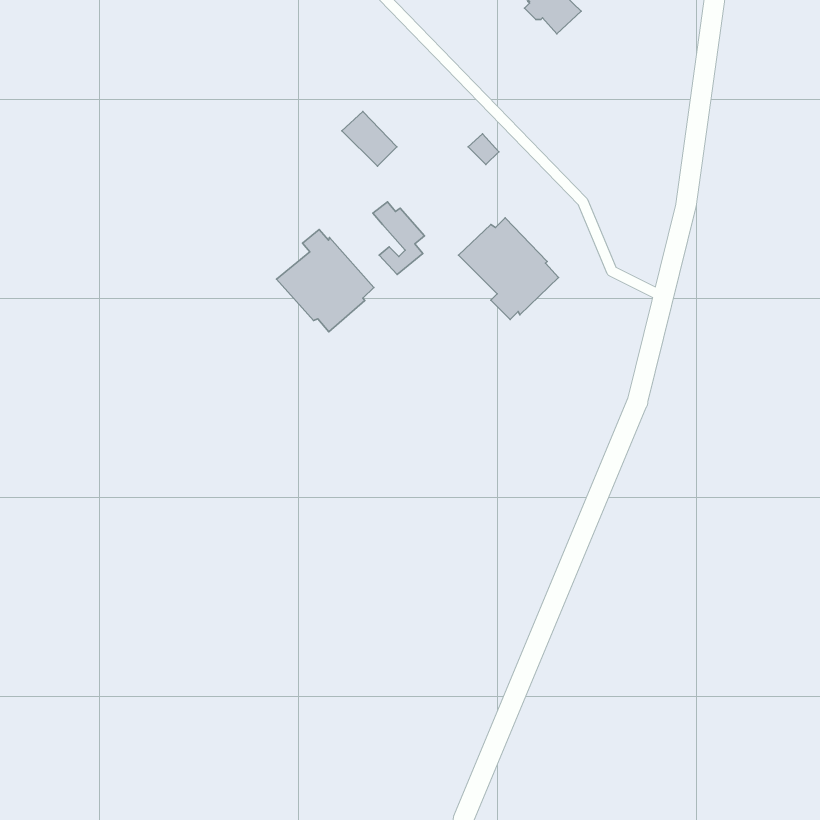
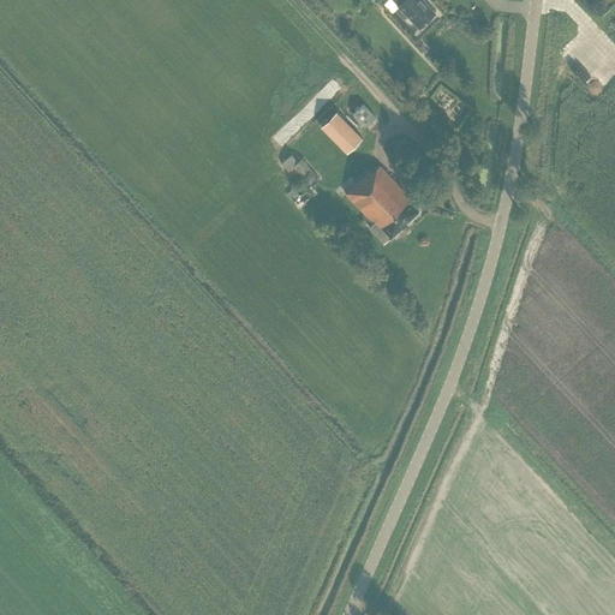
building: [342,111,397,166] -> [317,108,358,149]
building: [277,229,374,332] -> none

